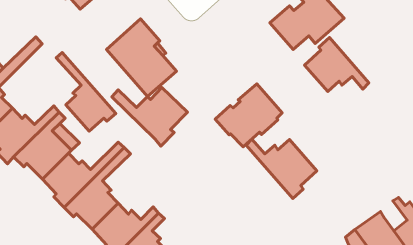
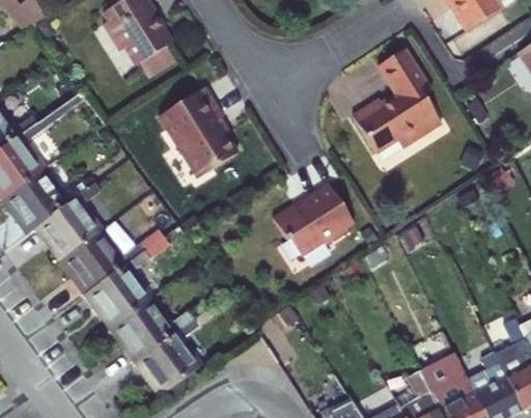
building: [305,37,369,92] -> none
building: [56,52,116,131] -> none
building: [112,88,188,146] -> none
building: [246,139,317,199] -> none

